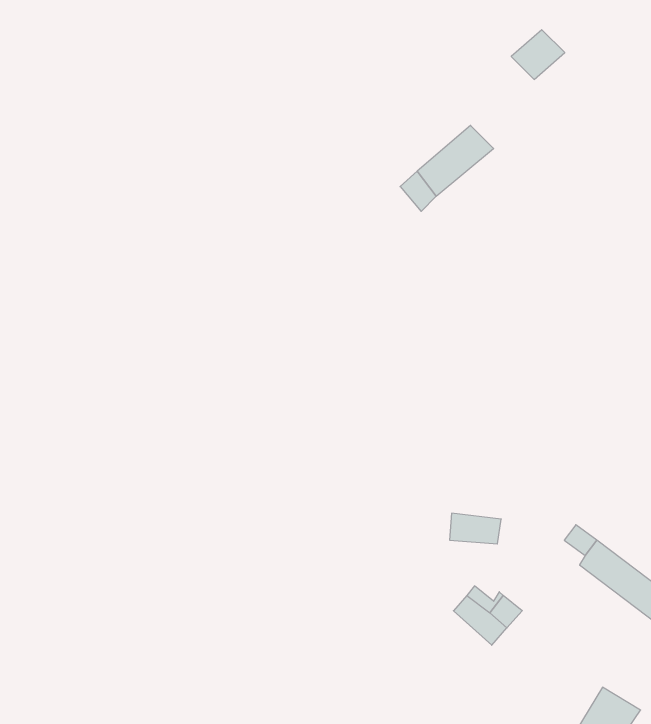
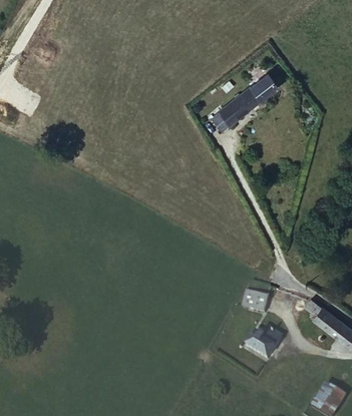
building: [511,30,565,79] -> [250,72,278,98]

